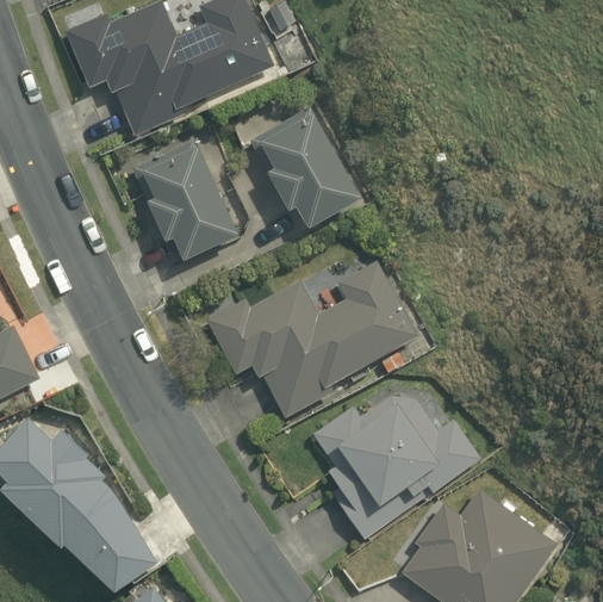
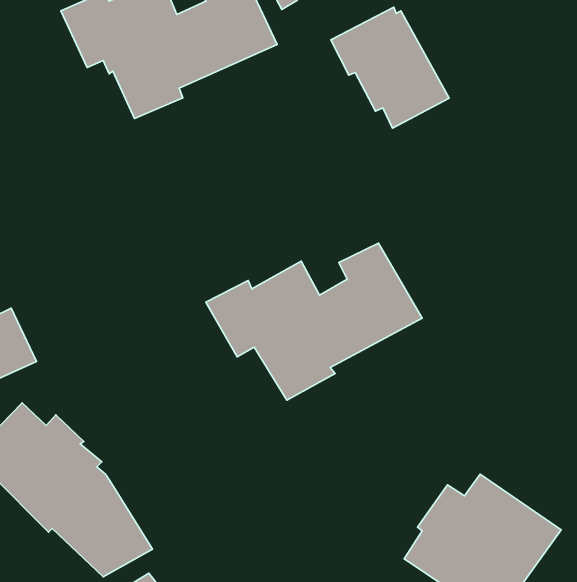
building: [245,107,362,226] -> [331,7,449,128]
building: [130,141,240,259] -> none
building: [312,392,484,539] -> none

